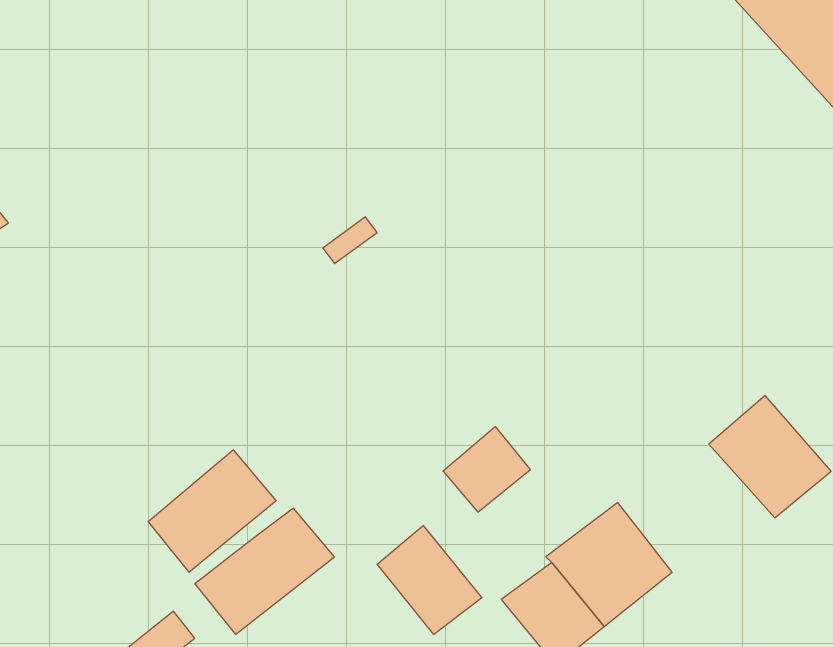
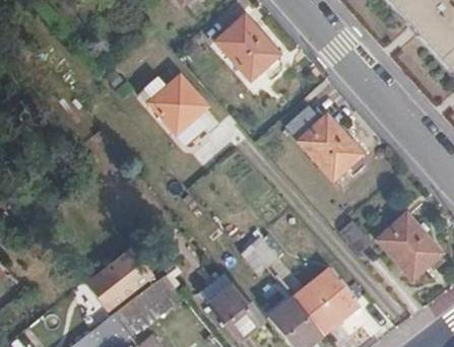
building: none -> [218,16,280,78]
building: none -> [143,72,203,128]
building: none -> [294,111,363,179]

